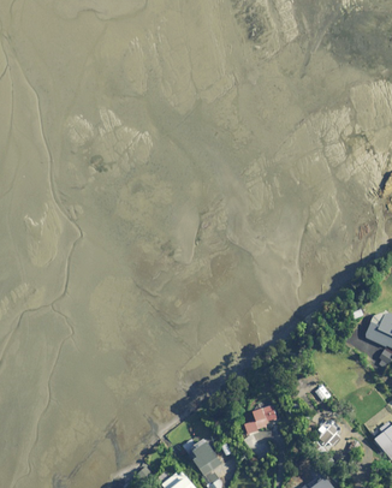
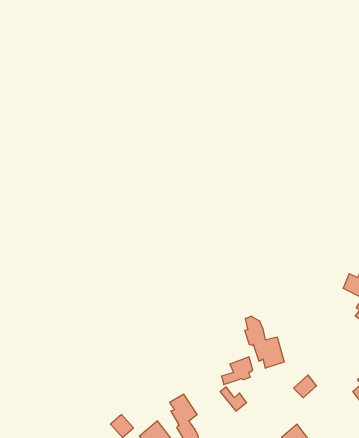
building: none -> [245,316,284,368]

